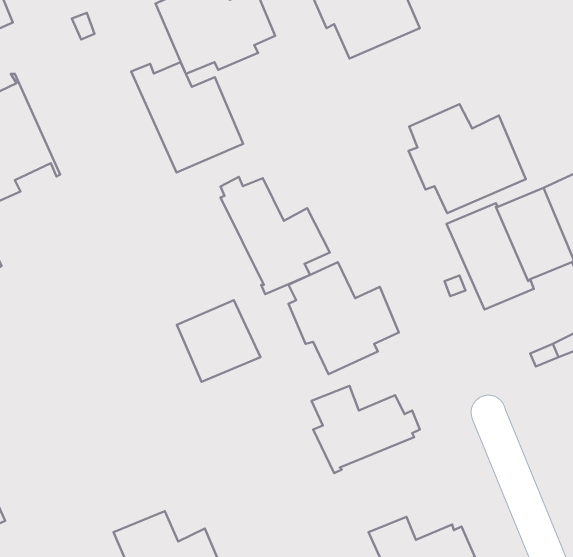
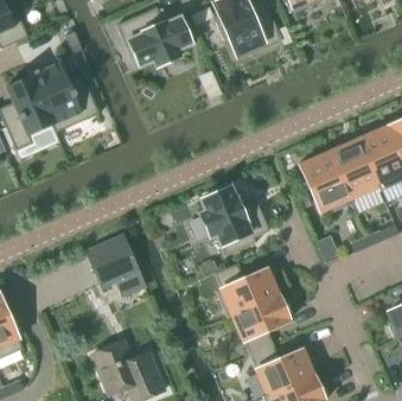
building: [131,62,243,172] -> [30,63,100,132]
building: [409,104,526,213] -> none
building: [220,177,330,294] -> none
building: [177,300,261,382] -> [88,236,140,287]
building: none -> [232,294,289,355]

